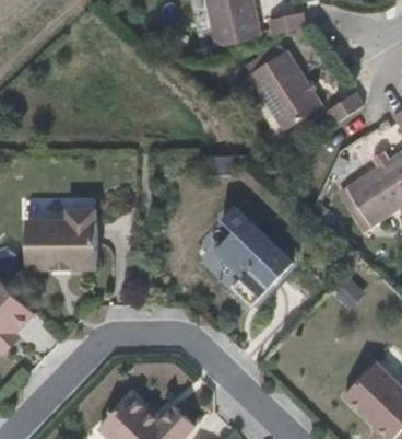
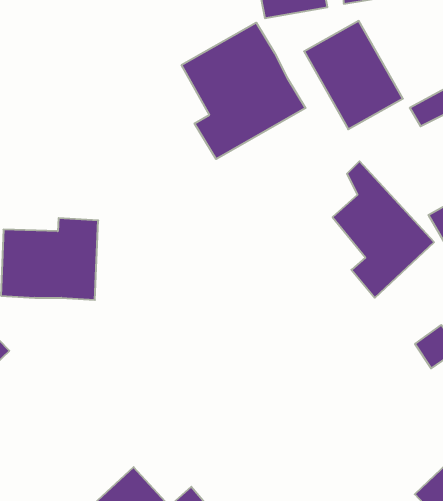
building: none -> [182,23,306,159]
building: [216,207,293,308] -> [333,161,434,298]

